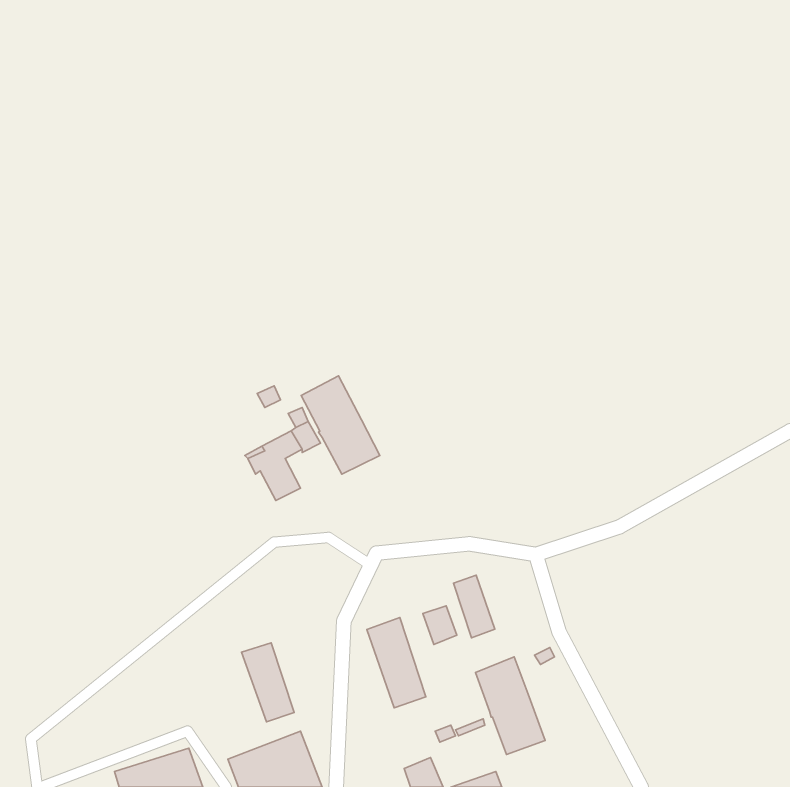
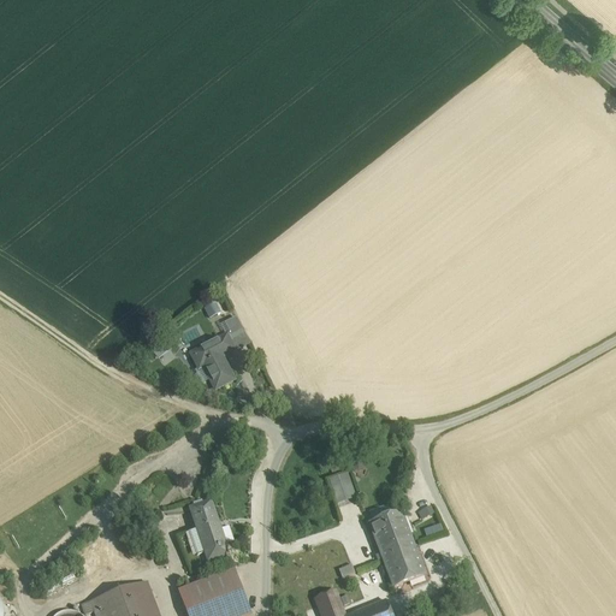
building: [301,376,380,474] -> none
building: [454,575,495,638] -> none
building: [367,618,426,708] -> none

